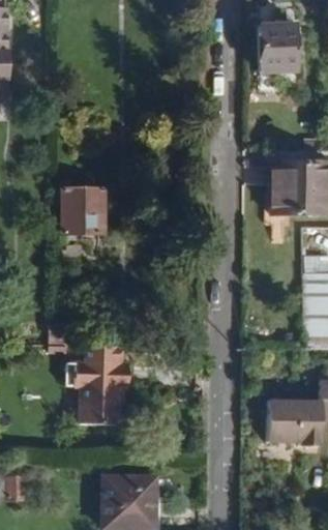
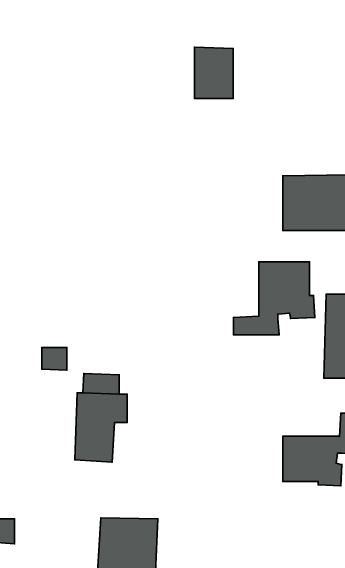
building: [261,23,296,69] -> [195,47,233,98]
building: [62,187,105,231] -> none
building: none -> [234,262,315,335]

